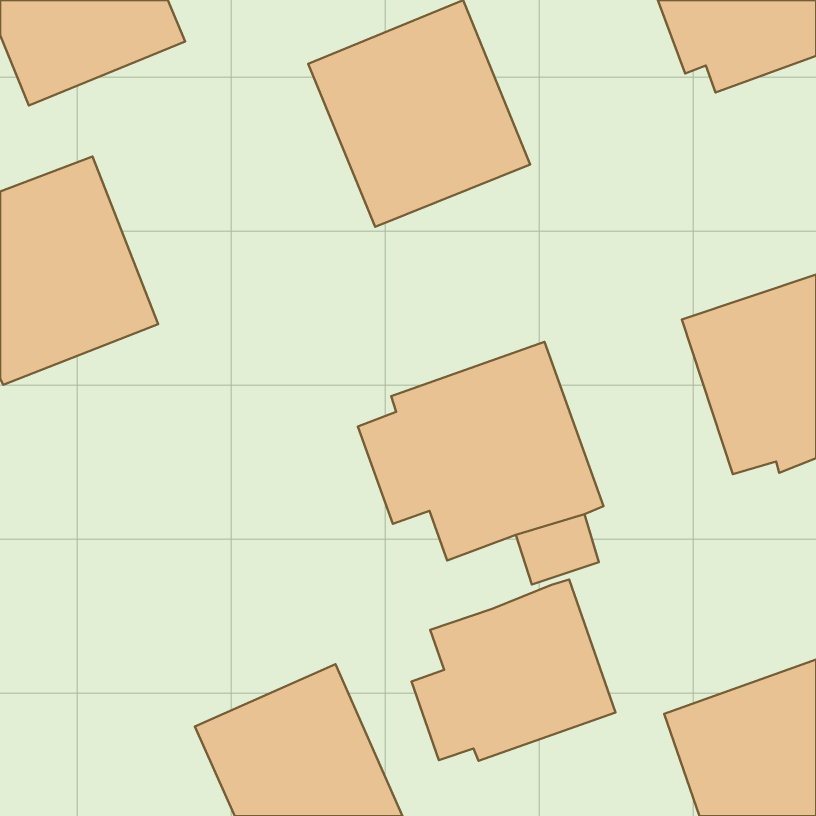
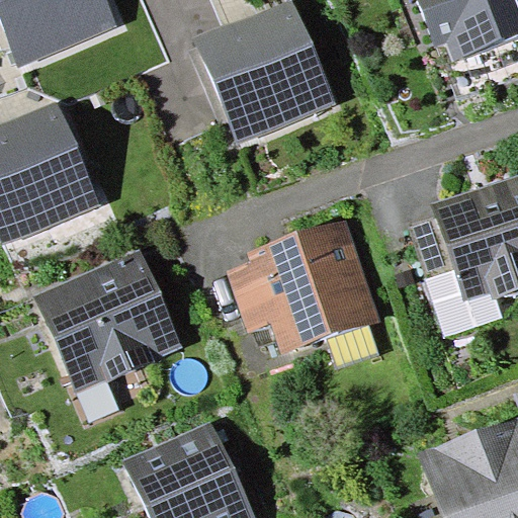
building: none -> [35,248,186,392]
building: [411,580,616,761] -> none

